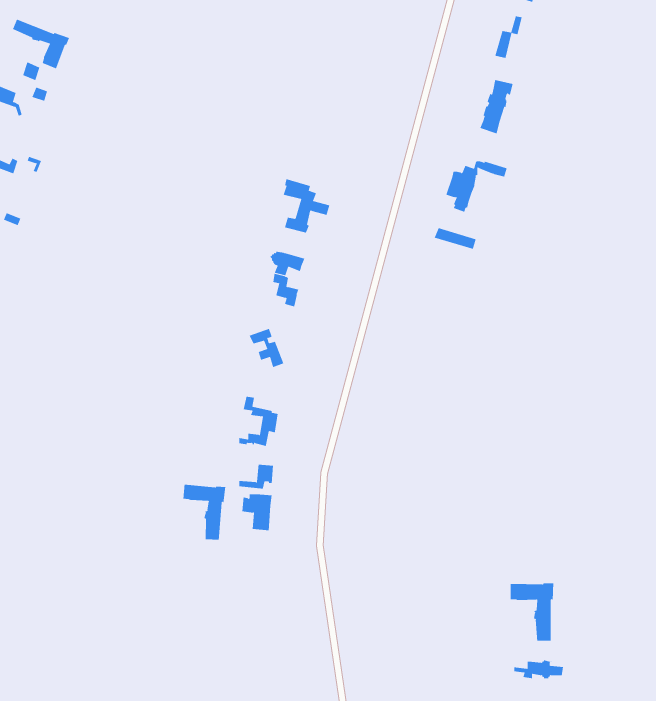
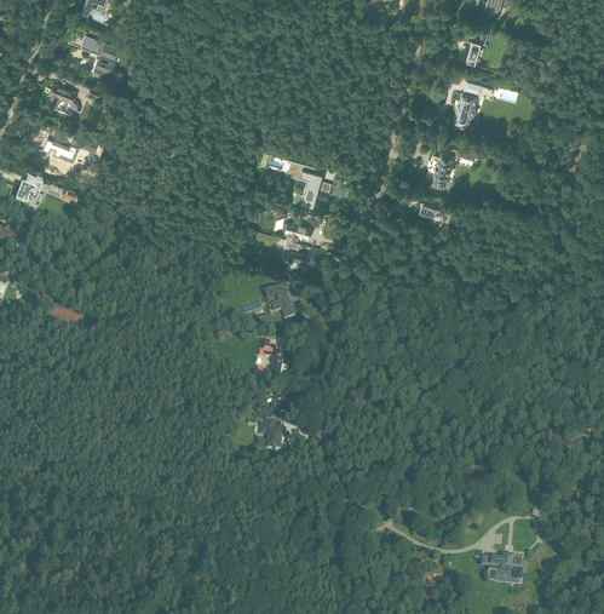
building: [183,484,226,541] -> none
building: [510,582,554,642] -> none

